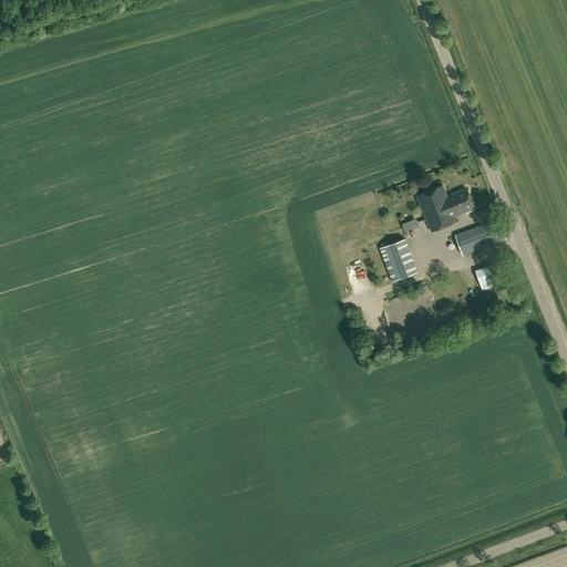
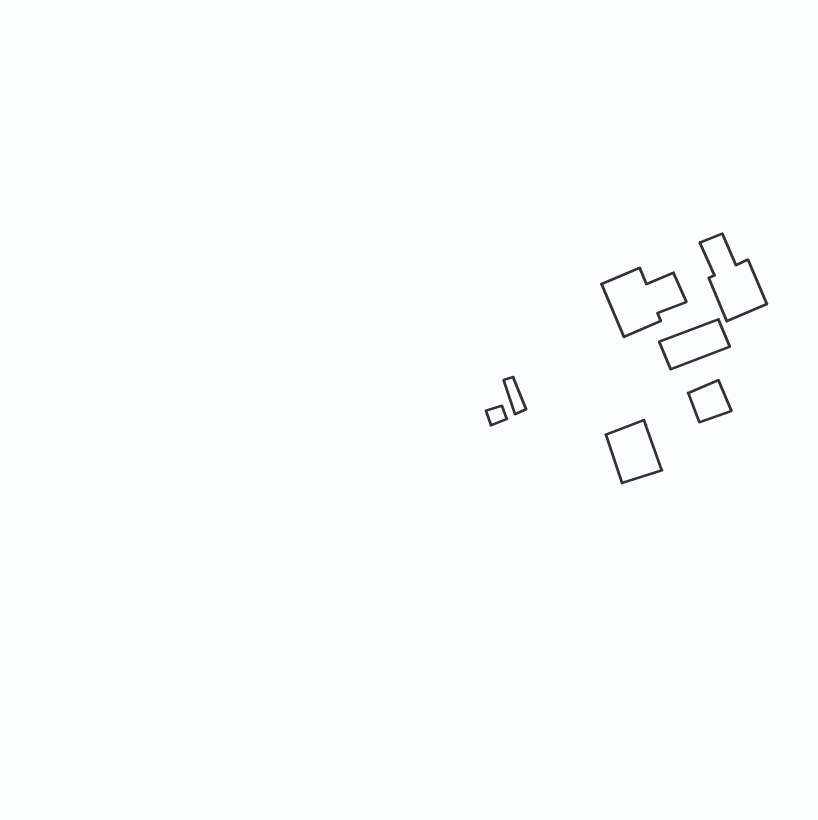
building: none -> [700,234,767,321]
building: [379,238,417,281] -> [606,420,662,483]

